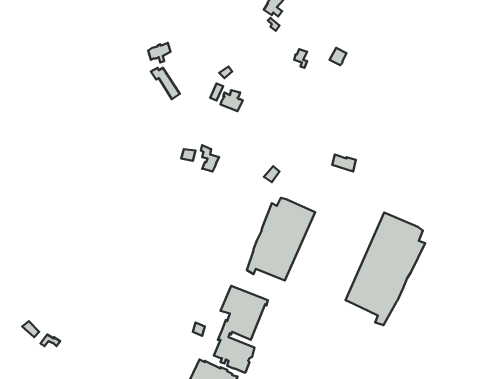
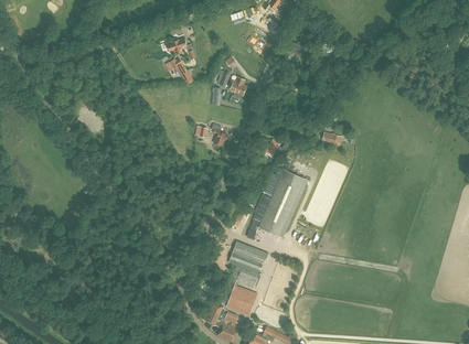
building: [346,212,425,325] -> none

